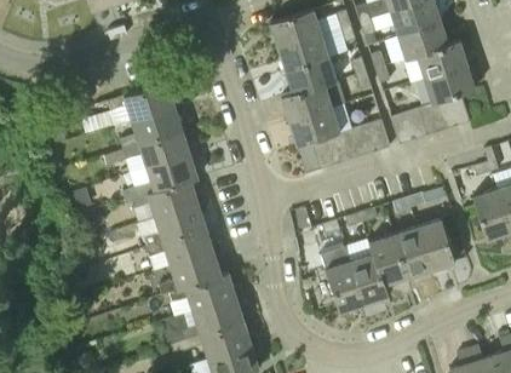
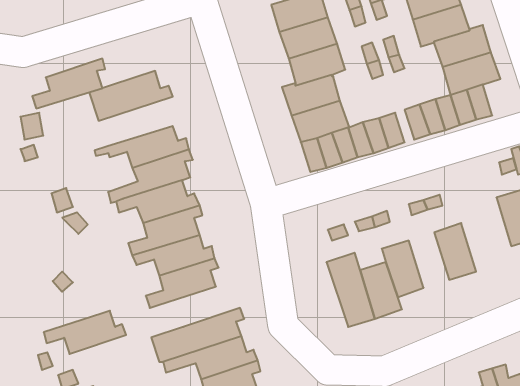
building: [119,104,184,149] -> [32,59,105,108]
building: [394,226,430,276] -> none
building: [168,272,242,311] -> [44,311,126,354]

